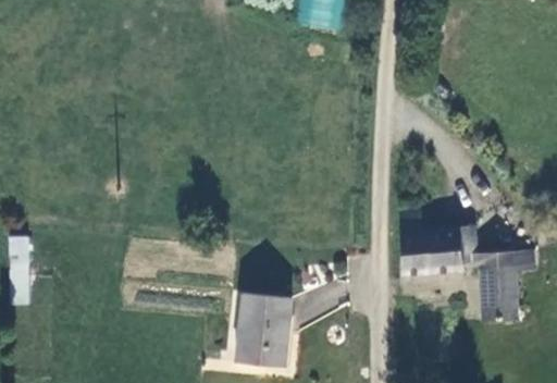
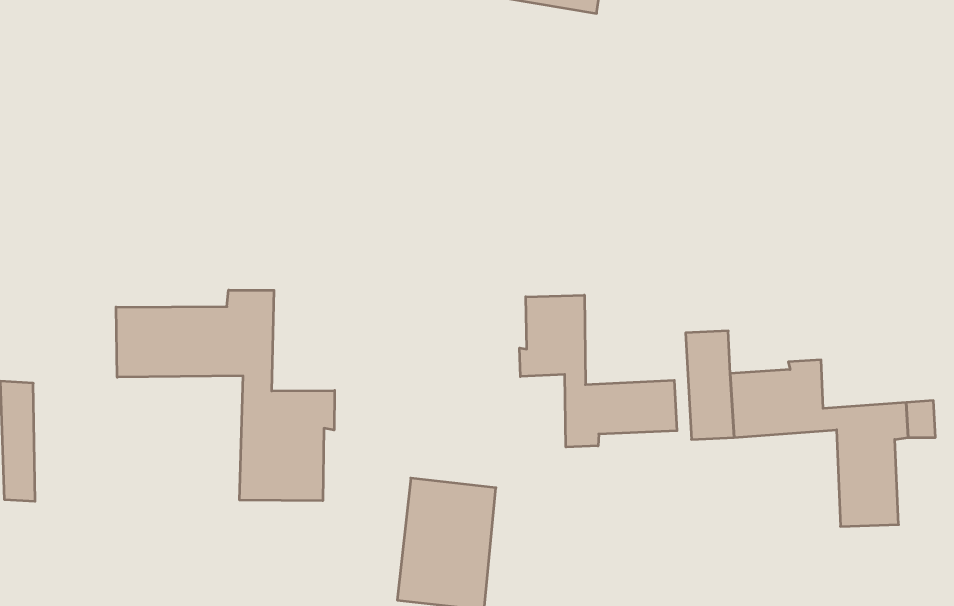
building: none -> [116,290,335,501]
building: none -> [520,295,677,447]

